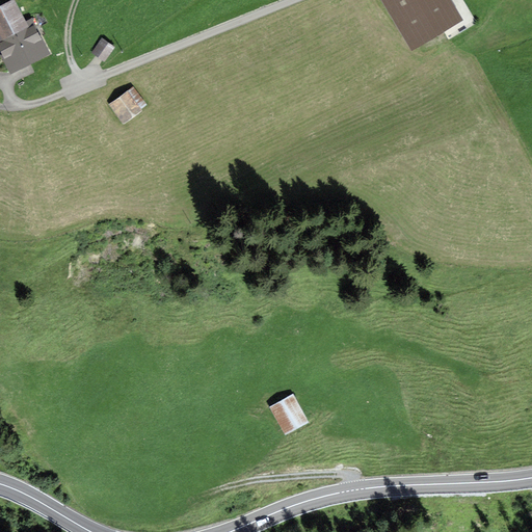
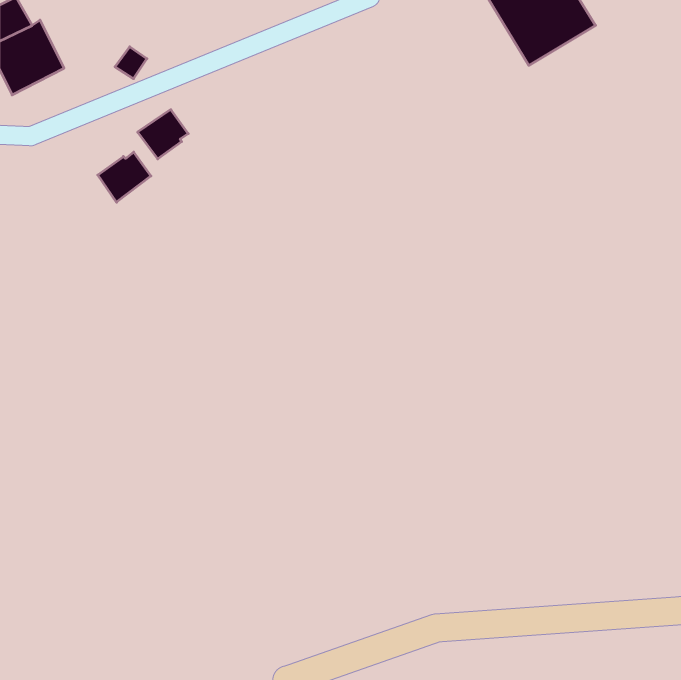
building: none -> [98,152,151,202]
building: [269,392,310,435] -> none

